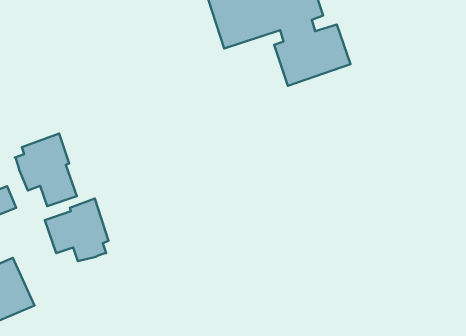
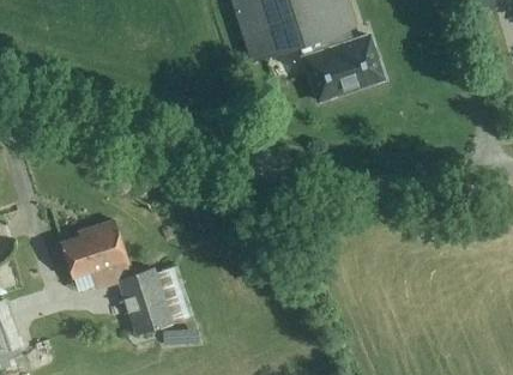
building: [15,133,77,206] -> none
building: none -> [119,267,175,335]

